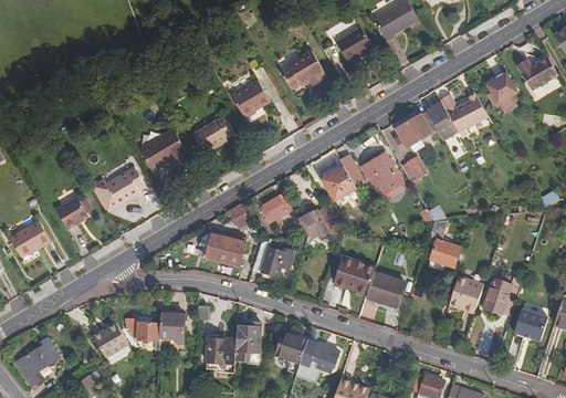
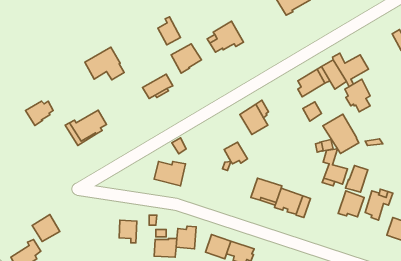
building: [332,28,369,63] -> none
building: none -> [158,17,180,45]
building: [484,71,517,114] -> [345,79,370,112]
building: [137,128,189,171] -> [85,47,124,80]
building: [360,151,408,203] -> [323,114,359,154]
building: [262,193,293,223] -> none
building: [54,197,91,229] -> [26,101,53,126]
building: [9,220,50,255] -> none
building: [253,239,297,275] -> none
building: none -> [345,166,368,192]
building: [126,318,160,355] -> none
building: [92,321,128,356] -> [32,215,60,241]

